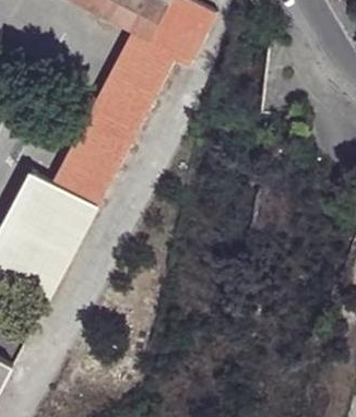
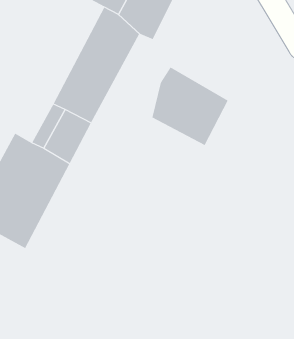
building: none -> [152,67,229,146]

